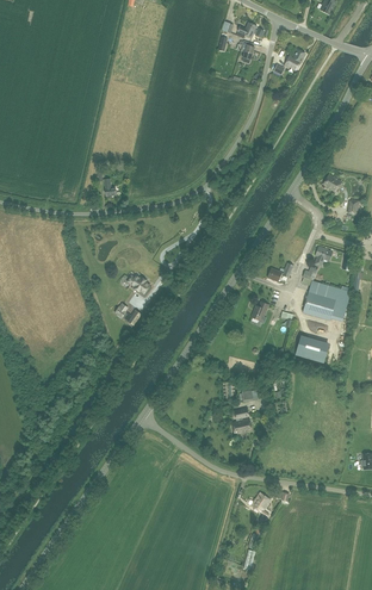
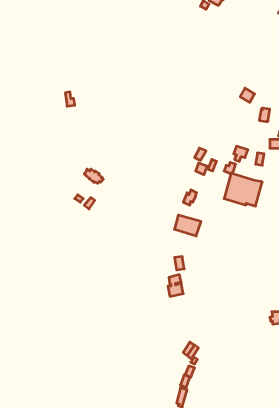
building: [296,336,329,362] -> [174,215,201,236]

